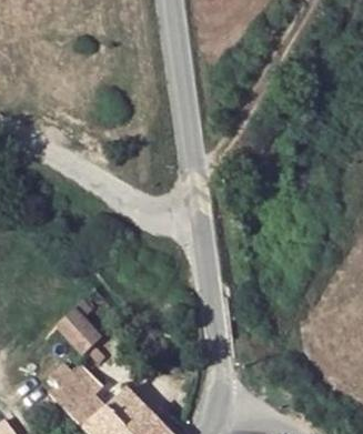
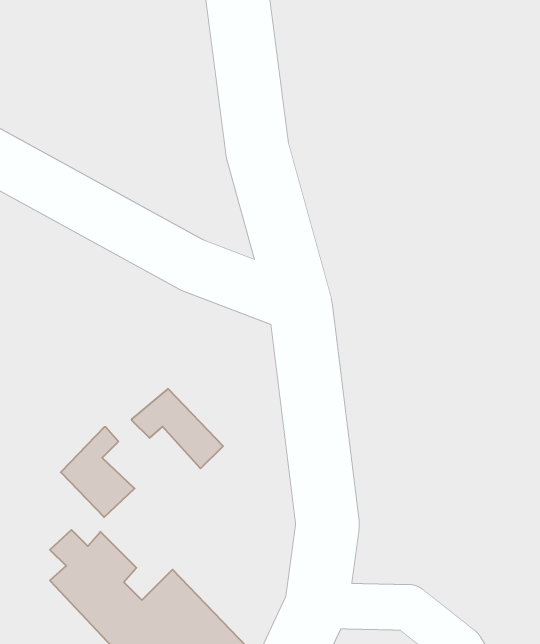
building: none -> [132,389,223,468]

